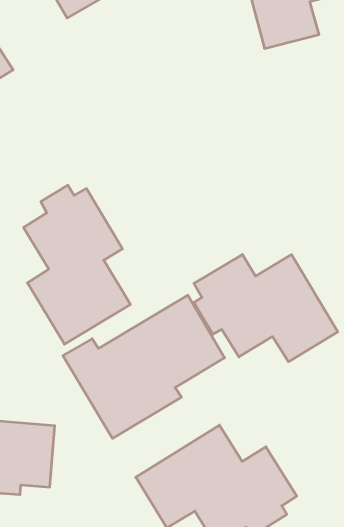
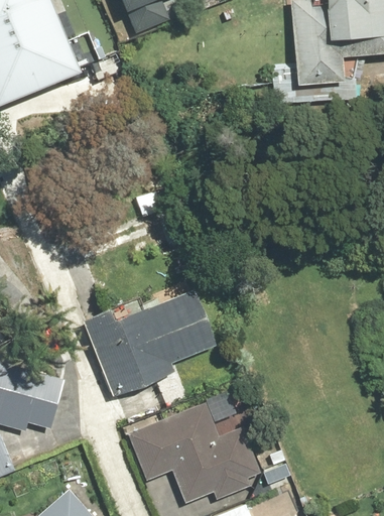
building: [24,185,130,344] -> none
building: [194,254,338,362] -> none

